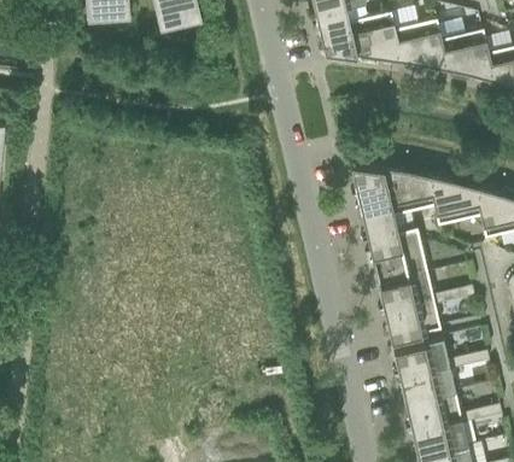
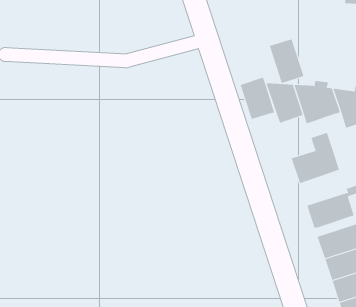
building: none -> [269,39,304,84]
building: [362,206,401,256] -> [240,77,275,120]
building: [379,275,434,314] -> none

